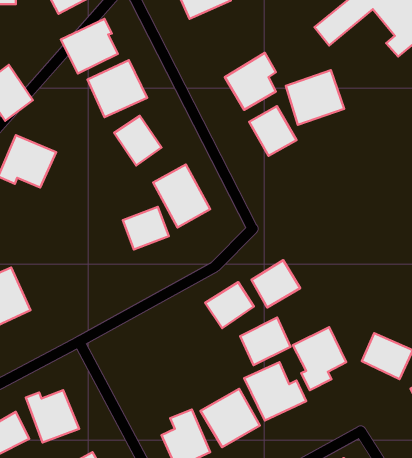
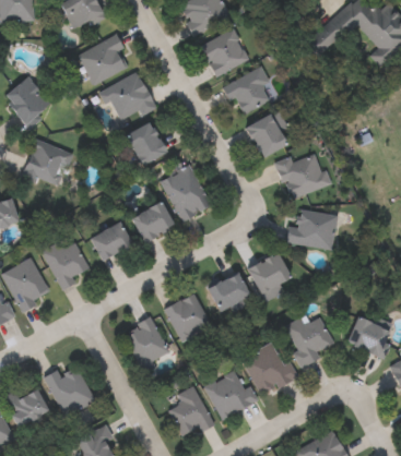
building: none -> [200,28,249,75]
building: [286,70,344,125] -> [276,149,329,199]
building: none -> [286,208,337,250]
building: none -> [90,221,133,261]
building: none -> [40,240,87,289]
building: none -> [165,293,209,339]
building: [240,318,291,365] -> none
building: none -> [121,316,168,368]

